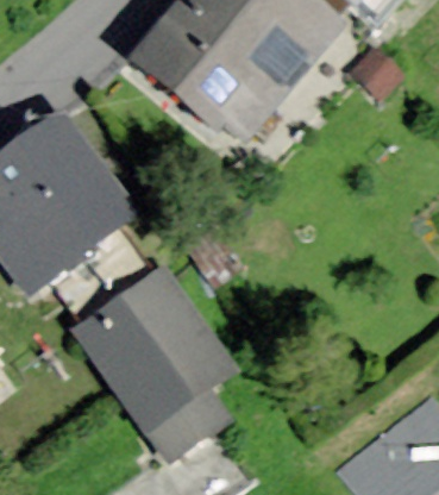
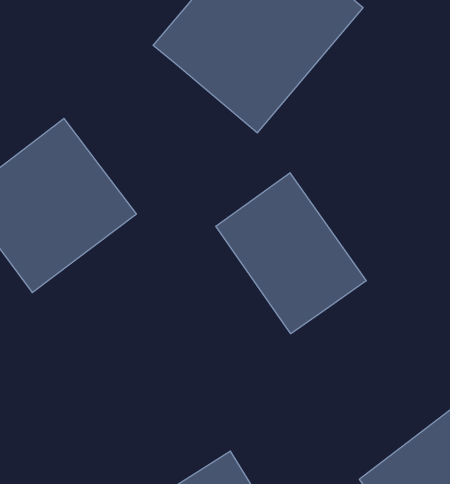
building: none -> [216,173,366,334]
building: [83,277,228,460] -> none

